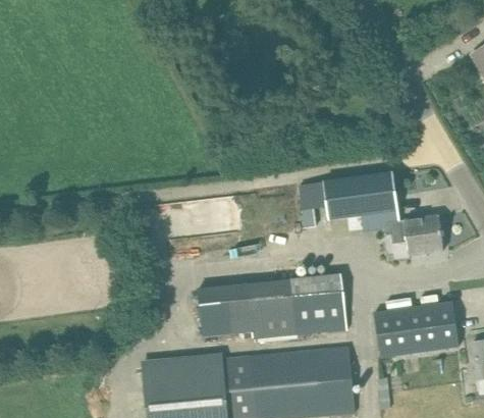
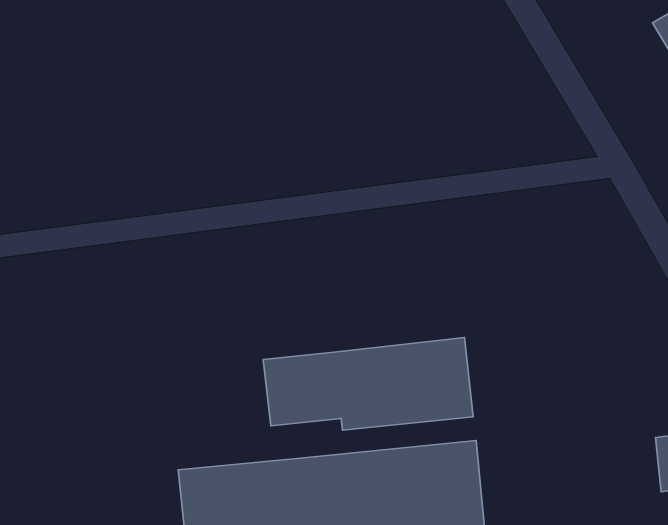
building: [300,172,443,255] -> none
building: [374,302,459,358] -> none

